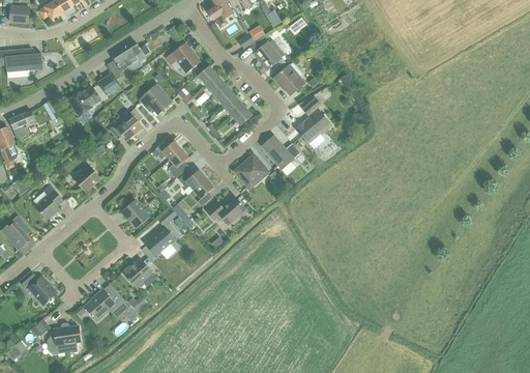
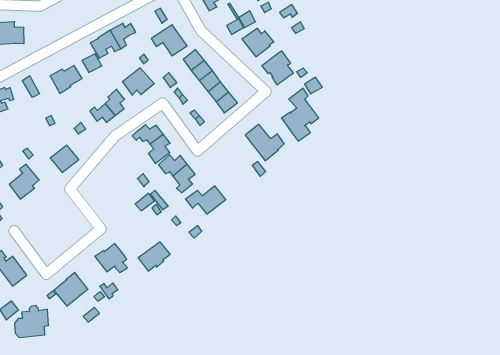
building: [233,152,268,188] -> none
building: [120,198,153,227] -> none
building: [144,226,175,255] -> [138,242,170,271]

